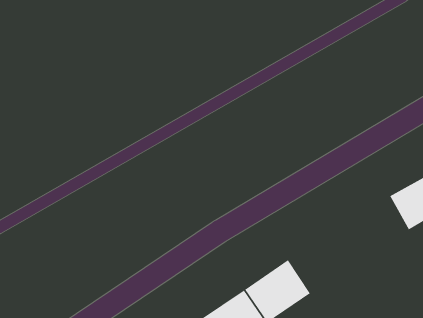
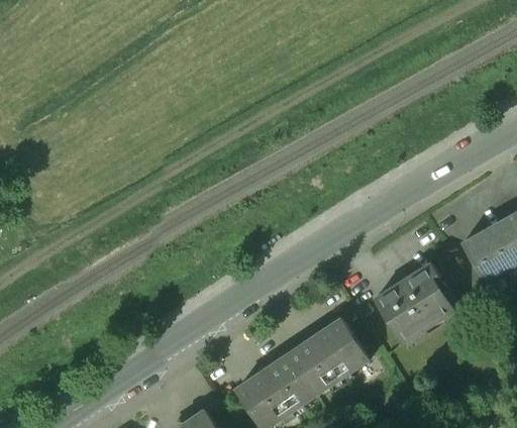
building: none -> [380,261,458,339]

